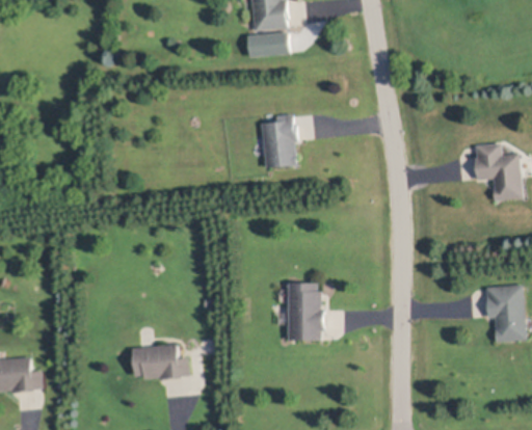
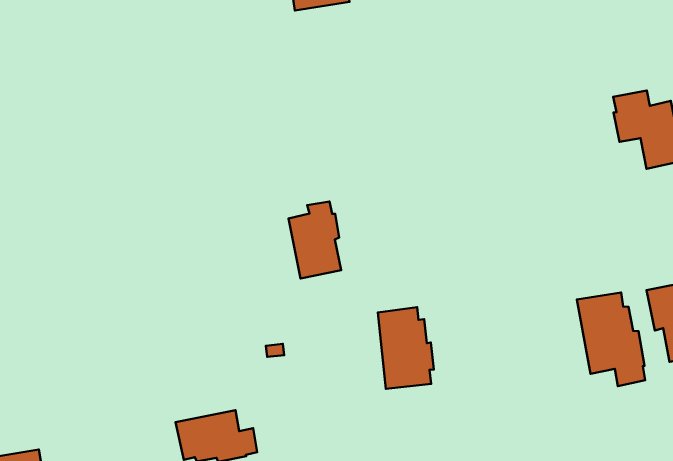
building: [261,114,296,168] -> [289,201,341,279]
building: none -> [577,292,645,386]

